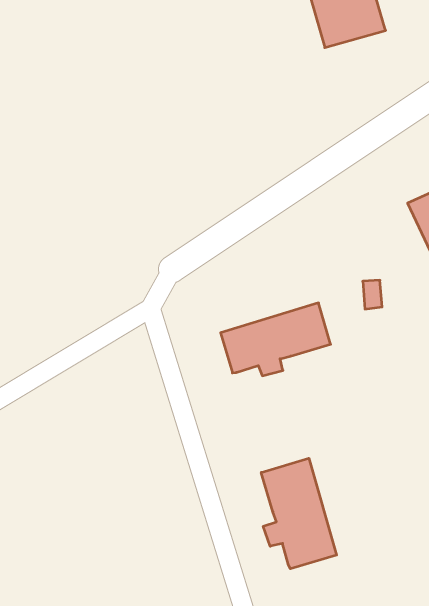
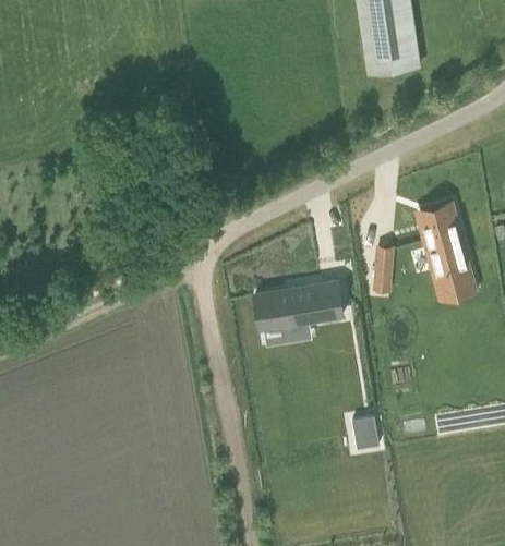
building: [261,458,337,569] -> none
building: none -> [352,417,378,449]

